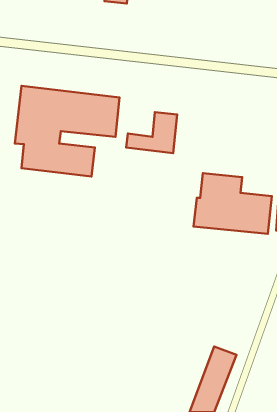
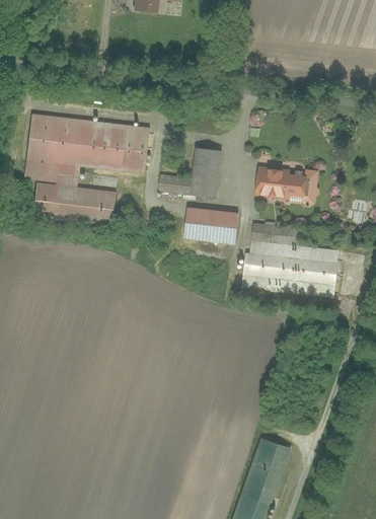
building: none -> [253,163,319,204]
building: none -> [183,206,238,243]

